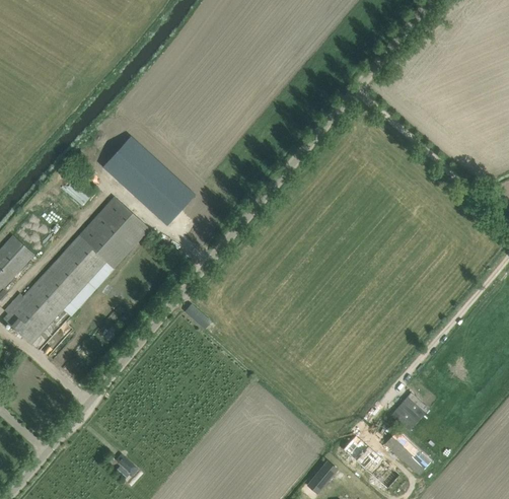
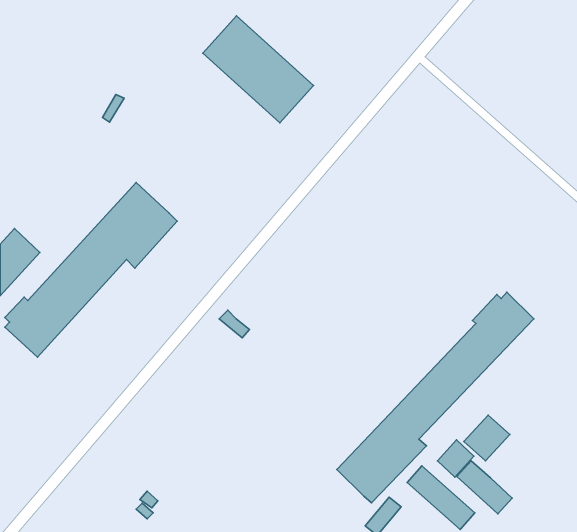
building: [102,136,196,226] -> [203,16,314,123]
building: none -> [337,292,534,503]
building: none -> [438,440,474,477]

